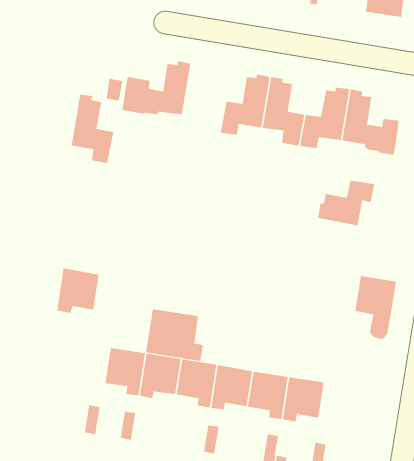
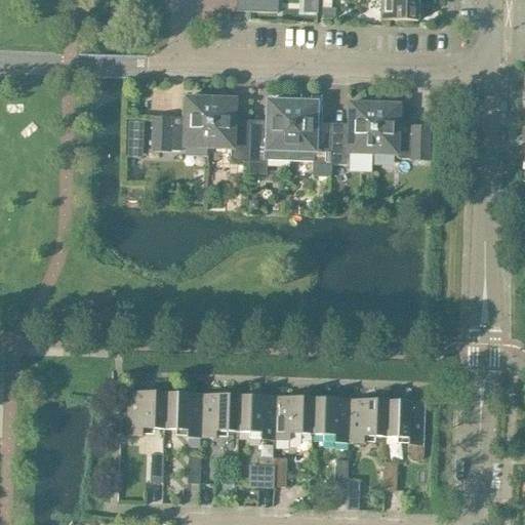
building: [71,94,114,164] -> [209,93,251,160]
building: [318,180,375,226] -> none
building: [56,268,100,313] -> [127,390,166,435]
building: [355,276,397,339] -> [387,399,426,460]
building: [146,308,204,362] -> none
building: none -> [251,456,275,485]

